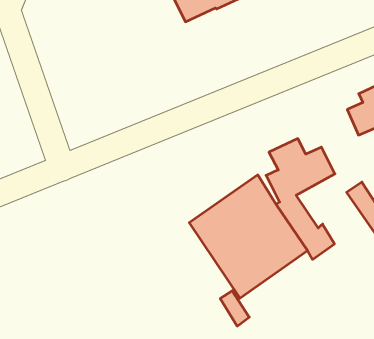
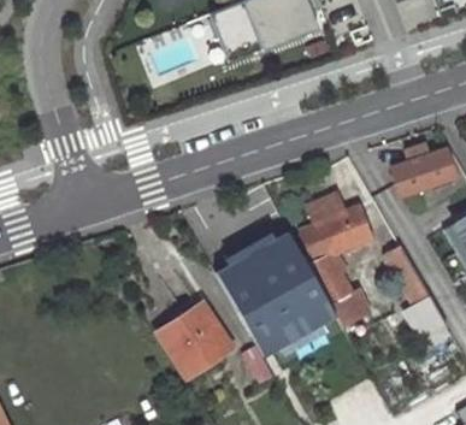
building: none -> [161,303,235,376]

